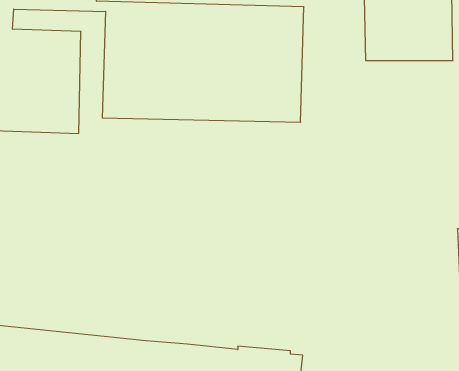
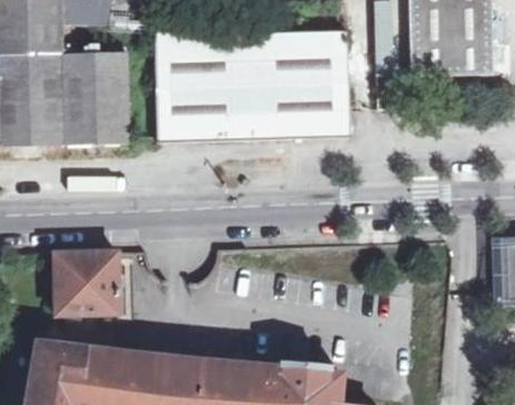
building: none -> [62,251,133,313]

